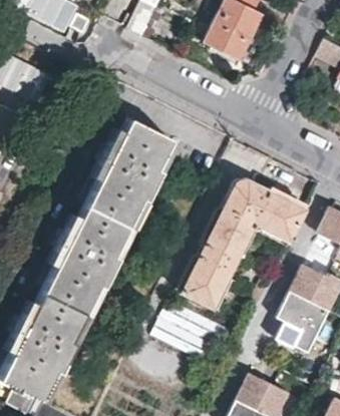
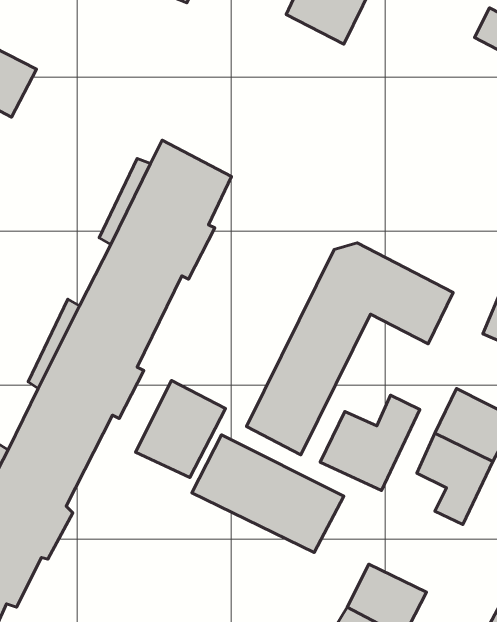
building: none -> [136,380,225,477]
building: none -> [320,395,420,490]

